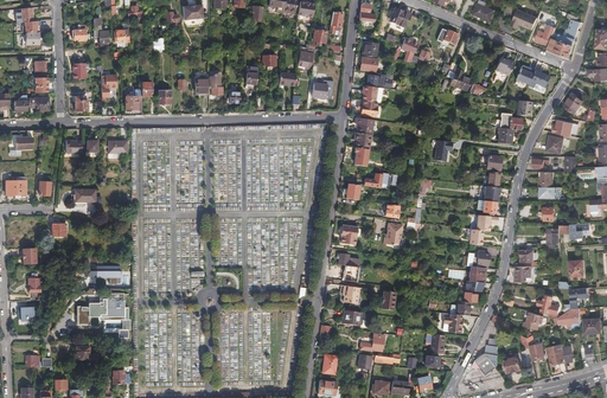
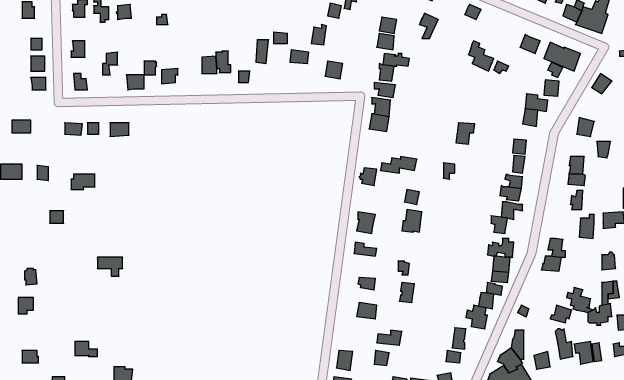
building: [79,298,129,336] -> none

